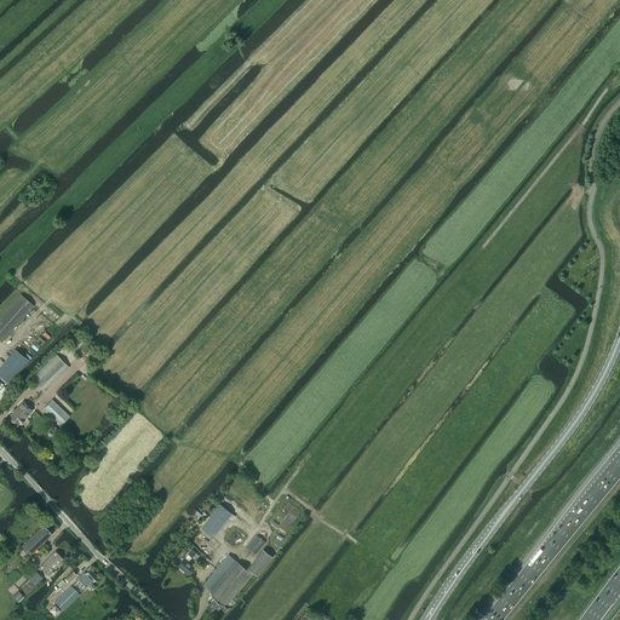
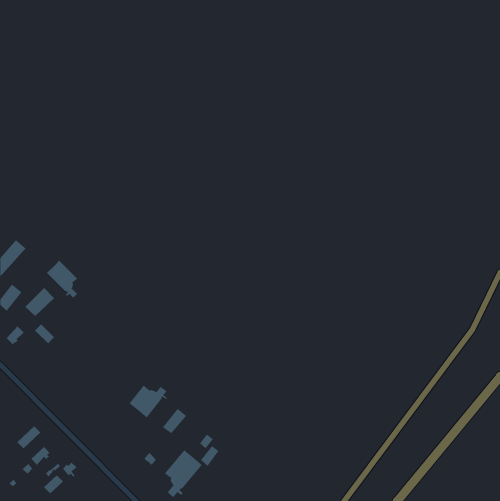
building: none -> [46,260,78,299]
building: none -> [128,384,168,418]

